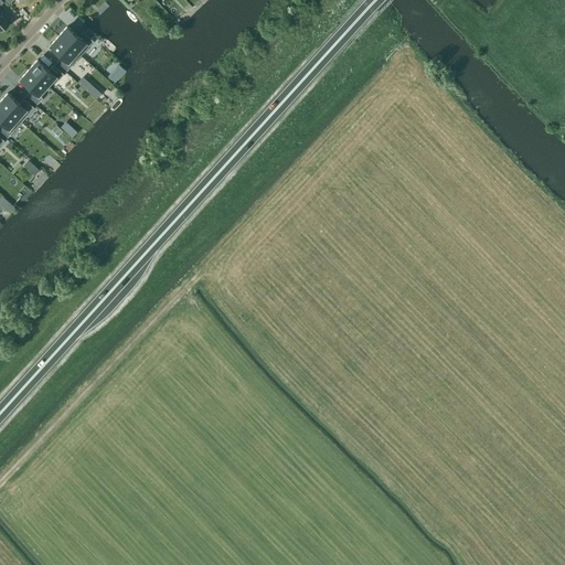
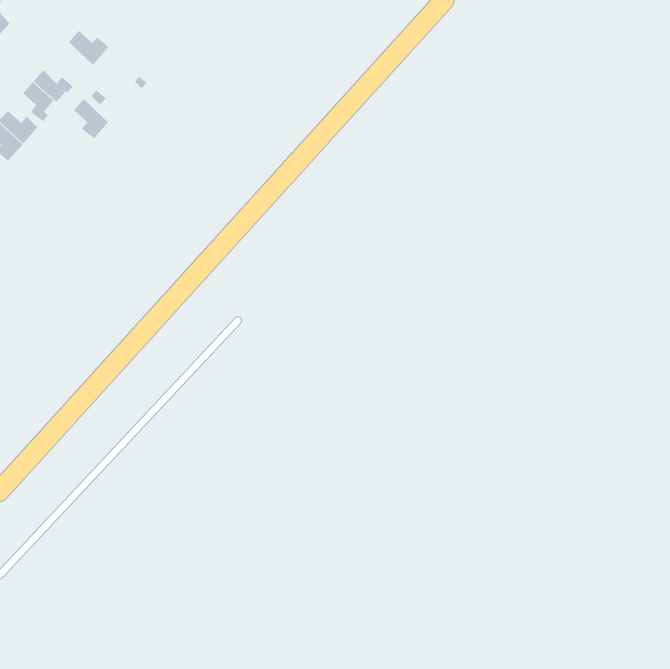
building: [49,38,78,72] -> [73,98,109,139]

